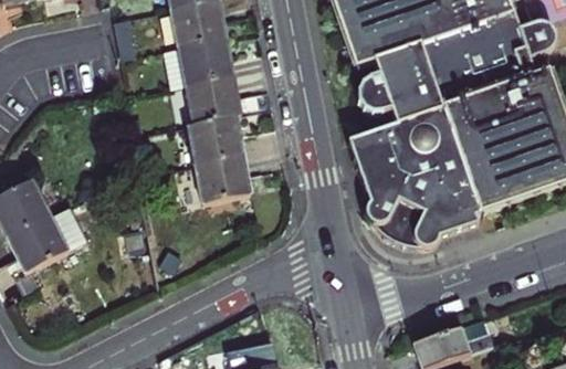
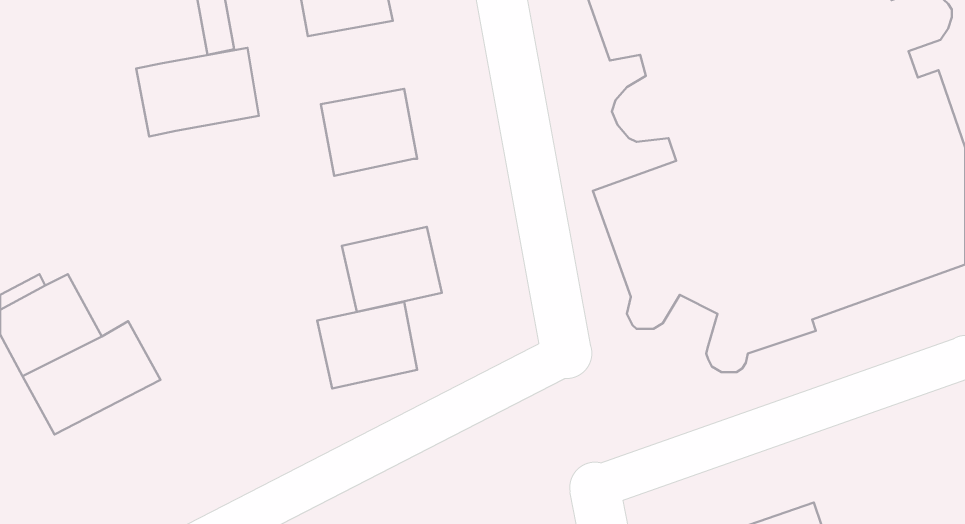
building: [165,39,237,91] -> [136,48,259,137]
building: [191,119,250,170] -> [317,302,417,389]
building: [373,199,422,244] -> none

